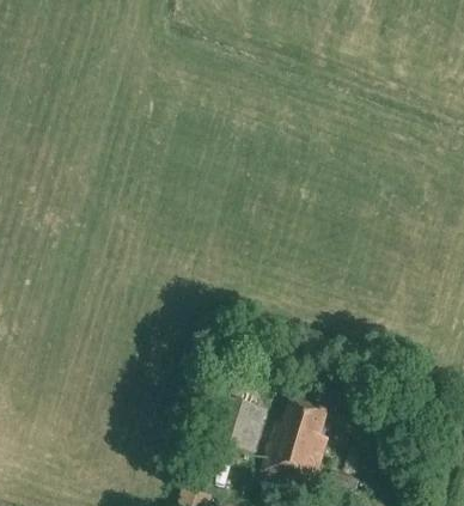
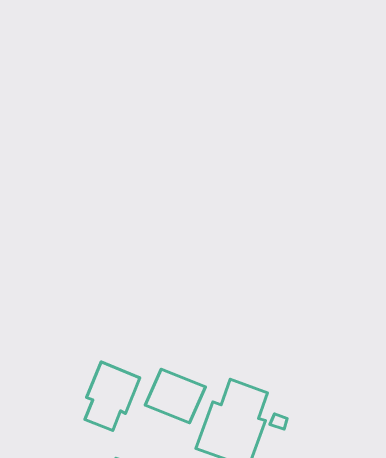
building: none -> [85,362,140,431]

